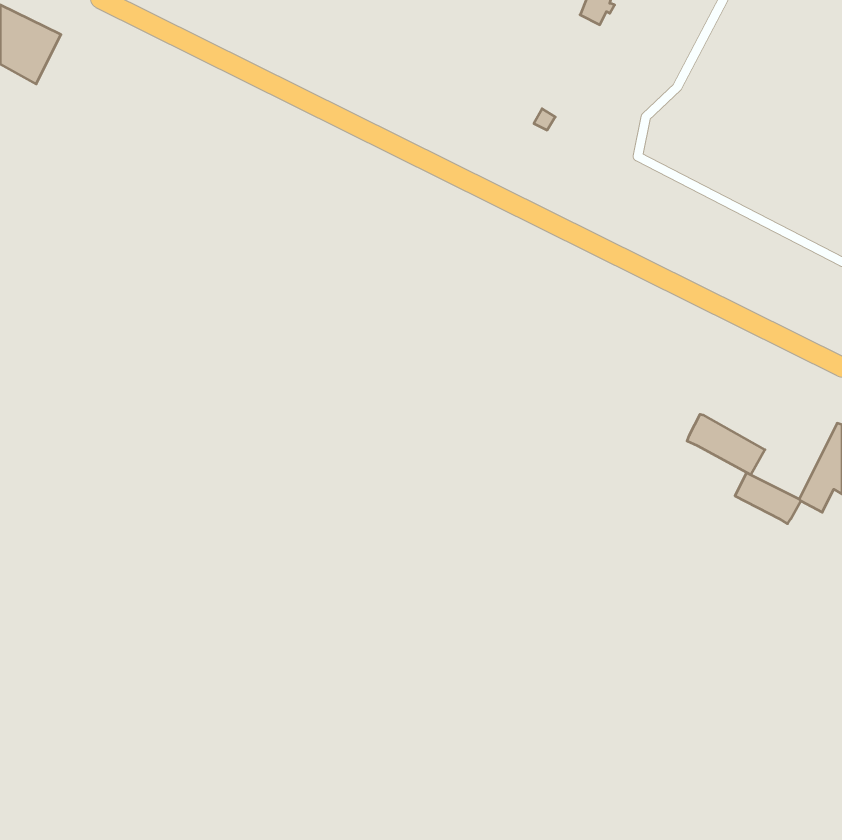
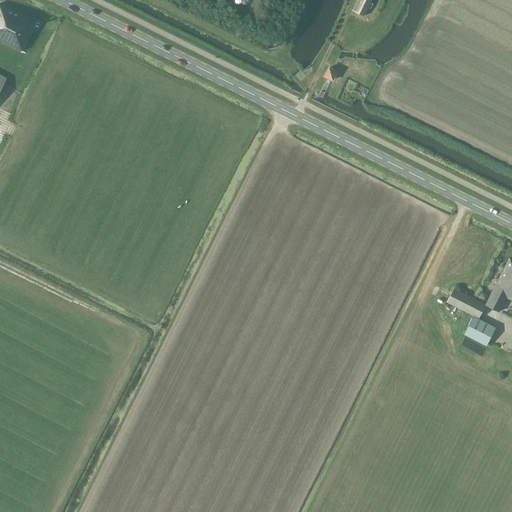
building: [687,414,765,475] -> none
building: none -> [464,315,495,345]

